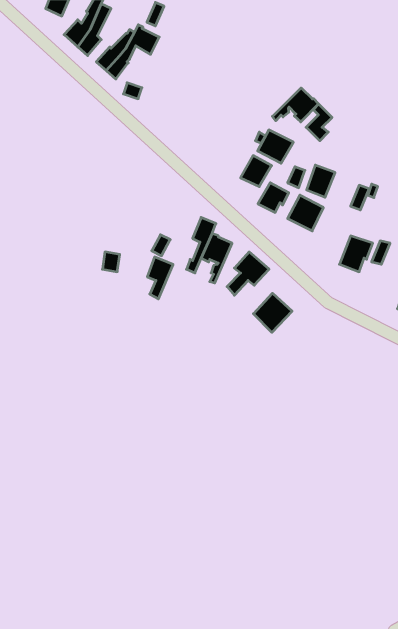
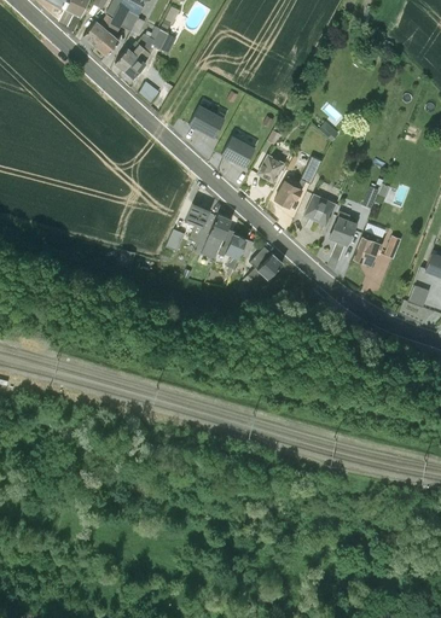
building: [272,88,318,122] -> none
building: none -> [188,104,225,136]
building: [258,130,293,163] -> [221,134,256,167]
building: [307,165,335,197] -> [330,216,358,247]
building: [147,257,173,299] -> [186,203,211,244]
building: [253,293,292,332] -> none

